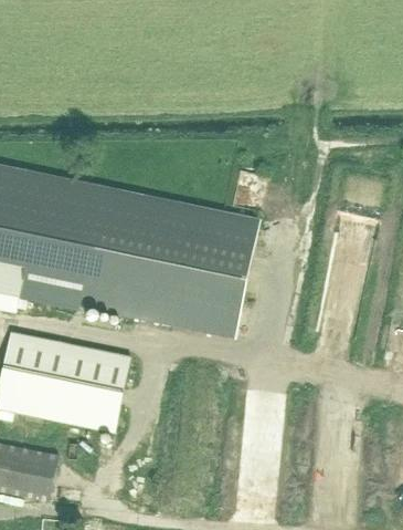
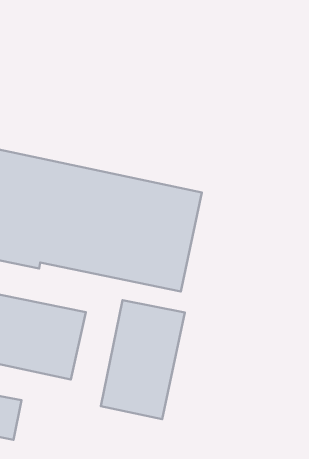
building: none -> [101,300,185,419]

